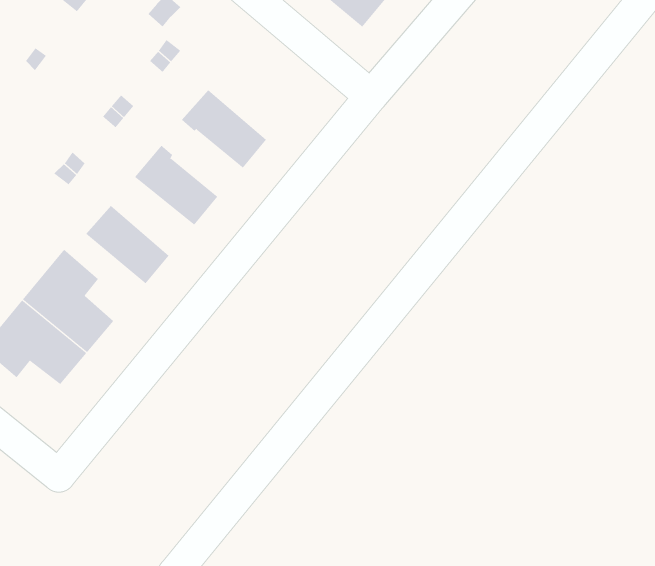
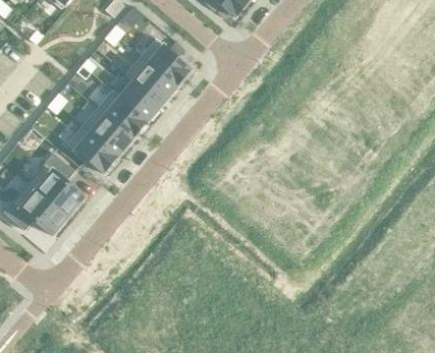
building: none -> [141,38,192,85]
building: none -> [118,79,162,120]
building: none -> [81,108,132,156]

